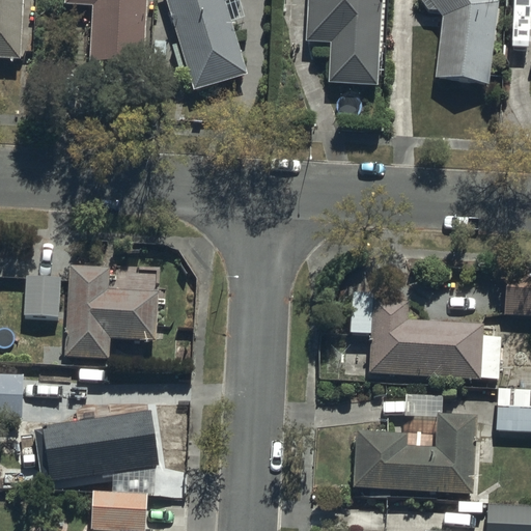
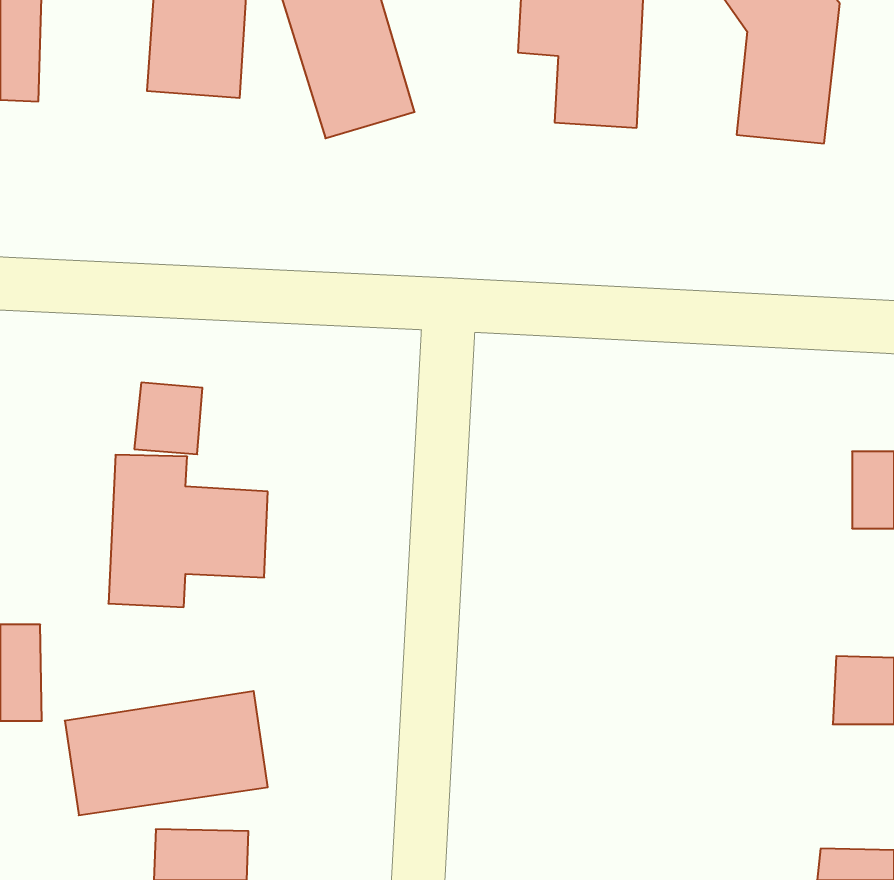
building: [23,275,63,317] -> [134,383,202,454]
building: [367,301,501,381] -> none
building: [354,413,477,496] -> none

